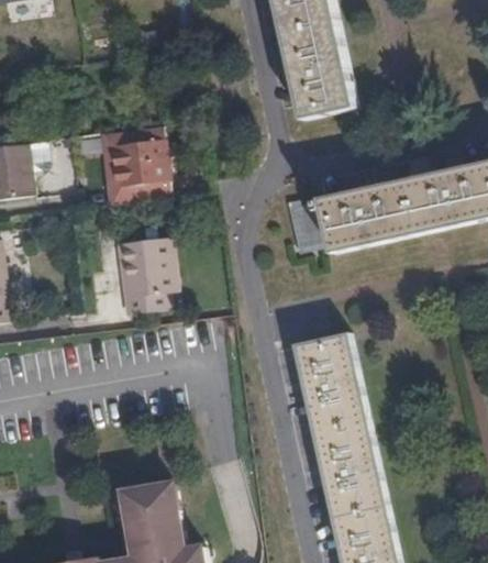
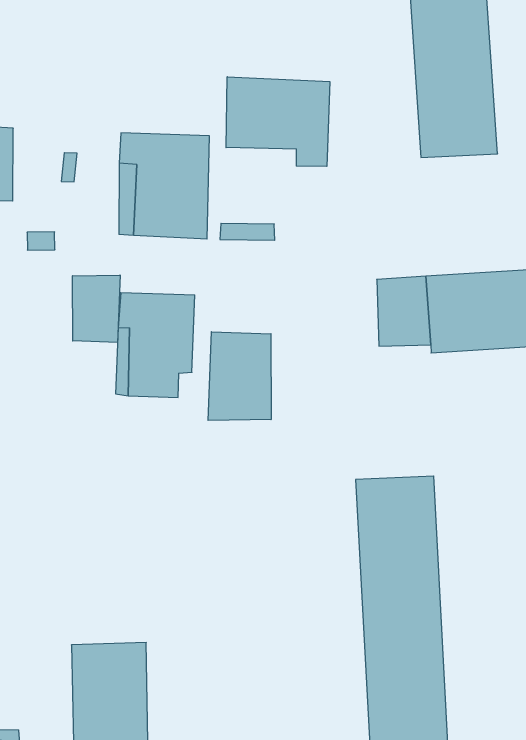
building: none -> [226,77,330,166]
building: none -> [73,275,120,342]
building: none -> [208,332,271,420]

